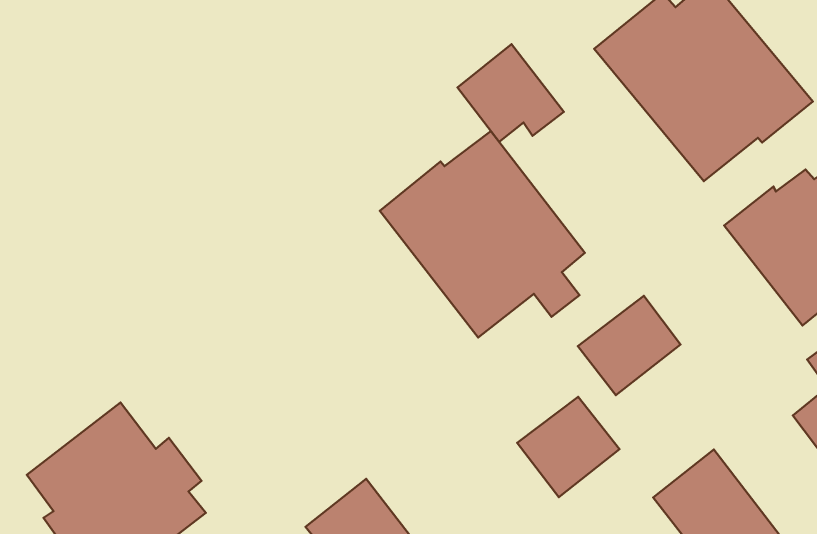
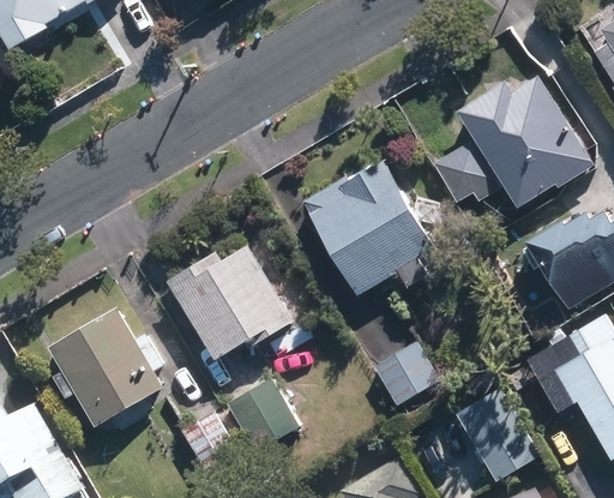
building: [457,44,564,142] -> [435,142,504,205]
building: none -> [164,245,293,360]
building: [578,296,680,395] -> none

